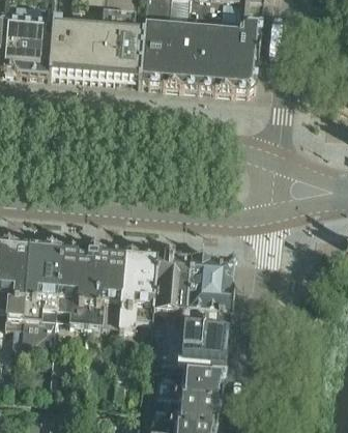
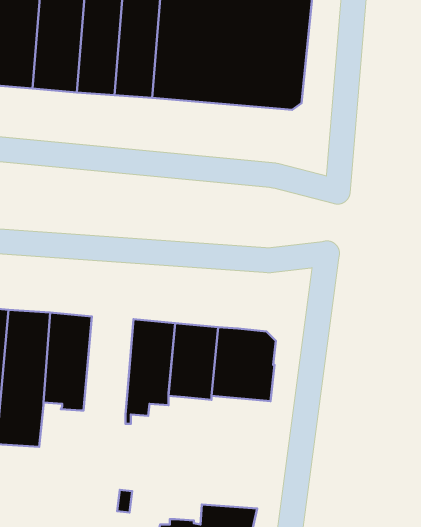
building: [86,250,124,325] -> none
building: [160,311,230,364] -> none
building: [146,366,224,398] -> none

